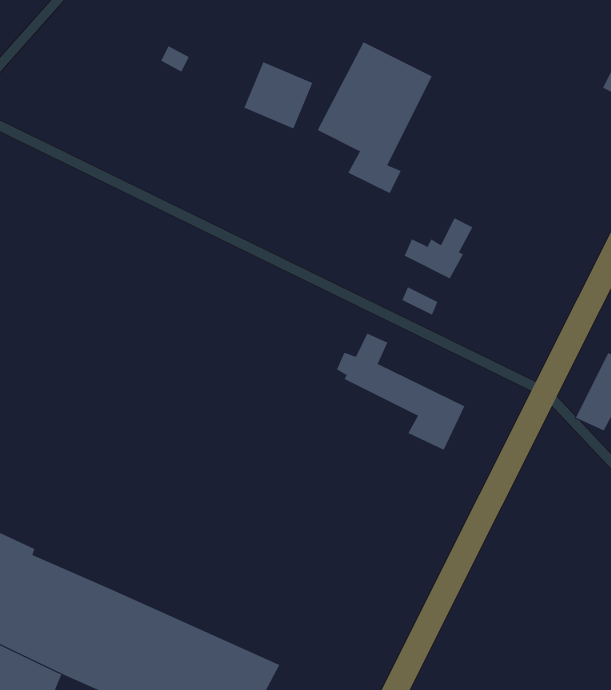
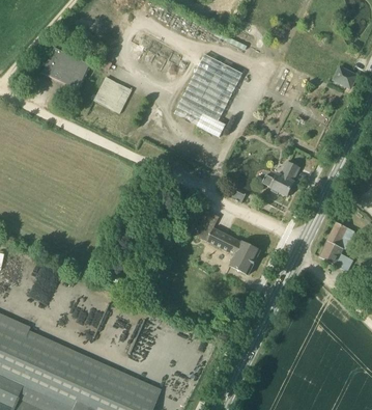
building: none -> [41,48,91,91]
building: [244,62,313,129] -> [93,77,131,113]
building: [404,217,473,279] -> [262,163,299,196]

